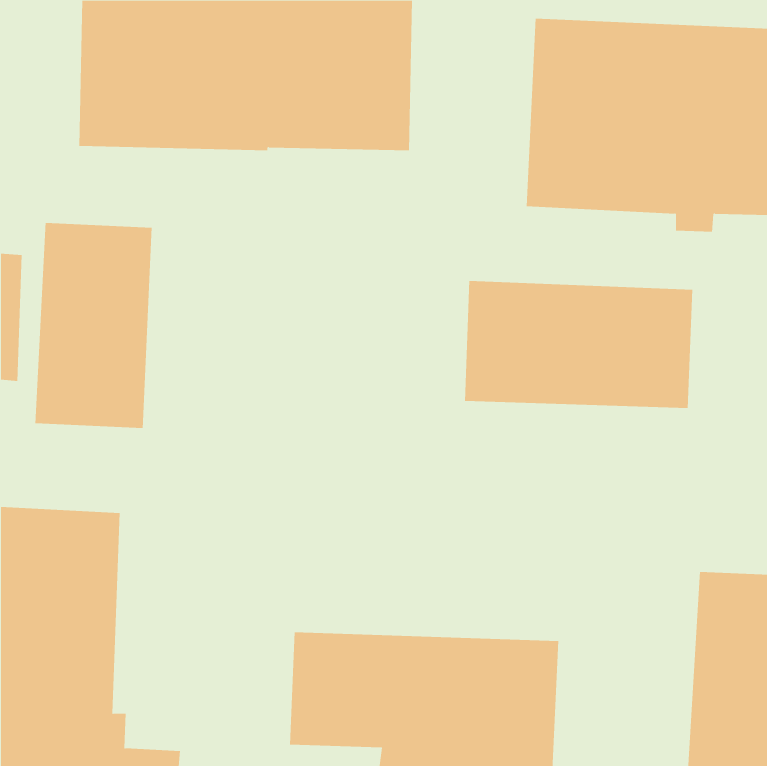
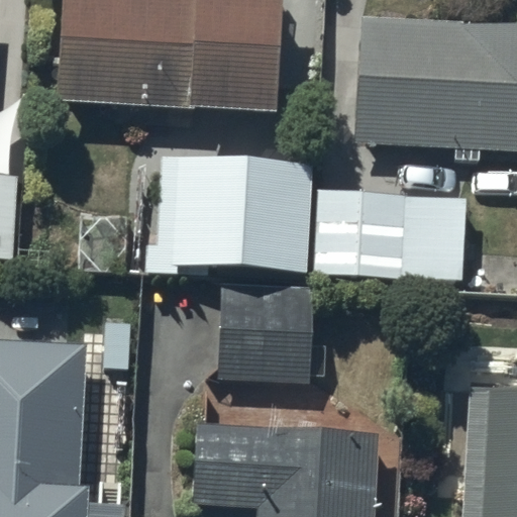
building: [35,222,152,429] -> none
building: none -> [144,154,313,272]
building: none -> [218,285,309,380]

